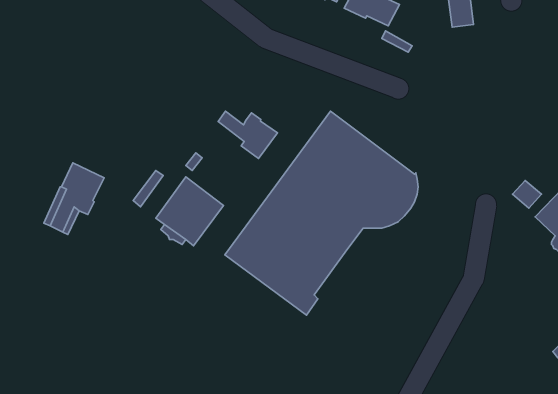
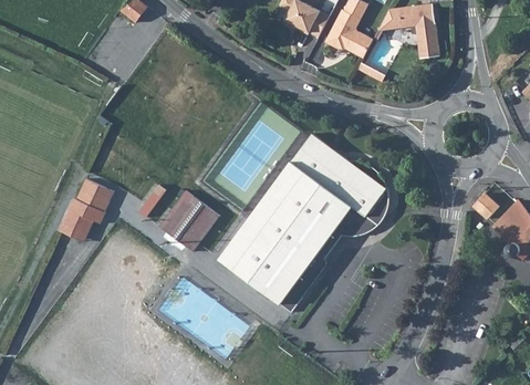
building: [218,111,277,159] -> none

